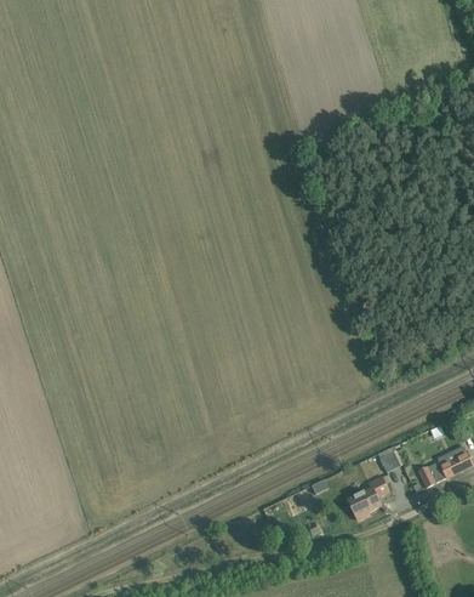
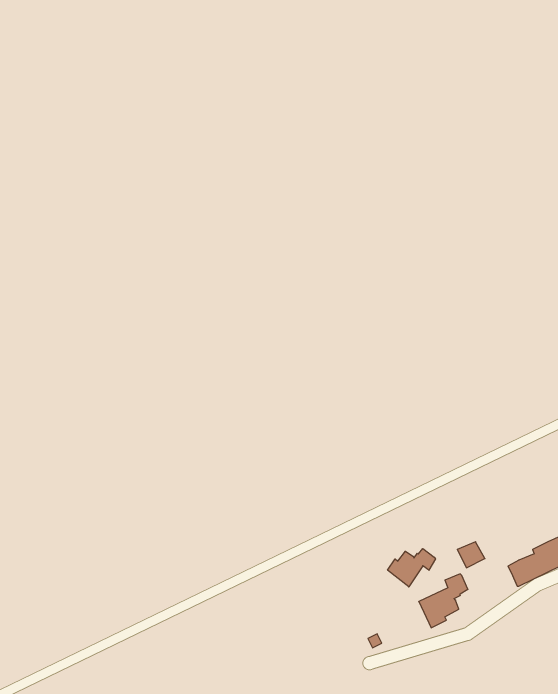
building: none -> [388,549,435,587]

